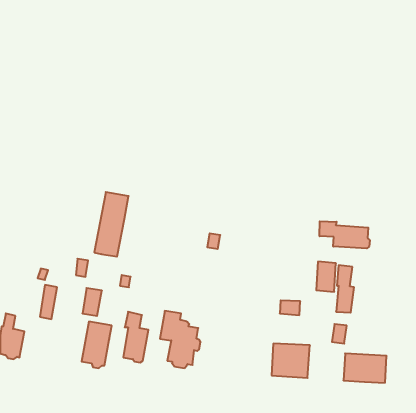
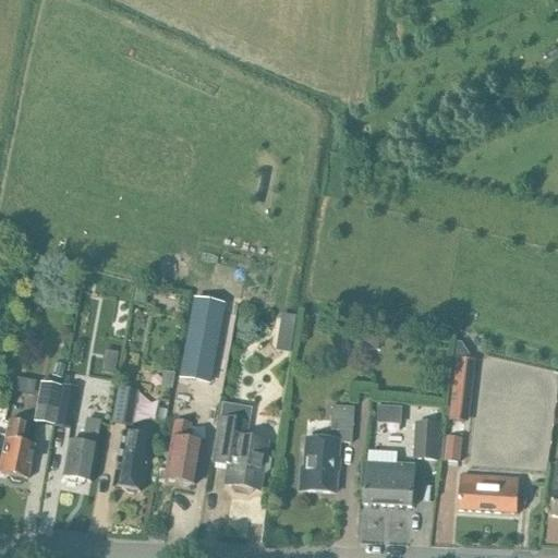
building: [94,192,129,257] -> [178,294,223,380]
building: [320,221,370,248] -> none
building: [316,262,336,292] -> [414,415,440,456]
building: none -> [33,379,59,422]
building: none -> [303,402,354,489]
building: none -> [60,415,100,482]

